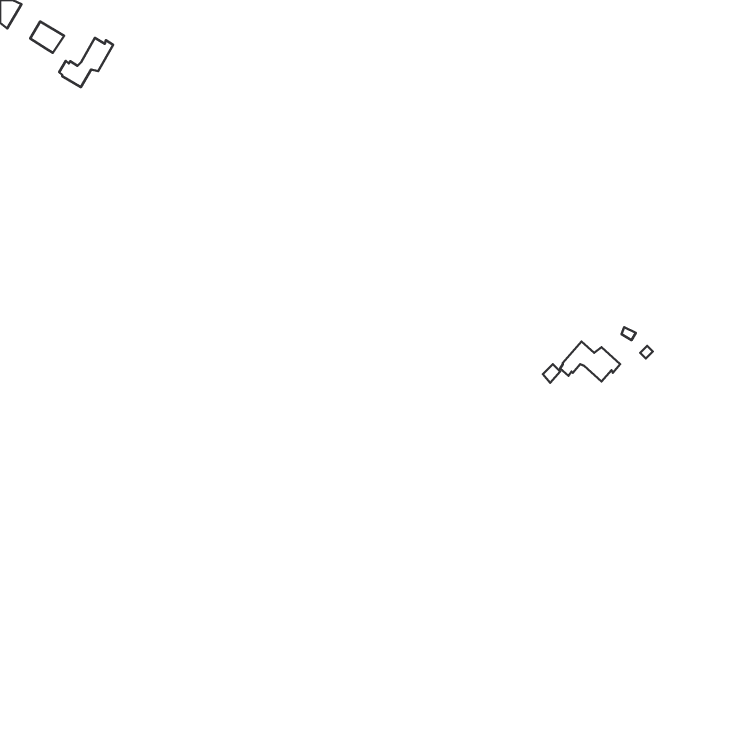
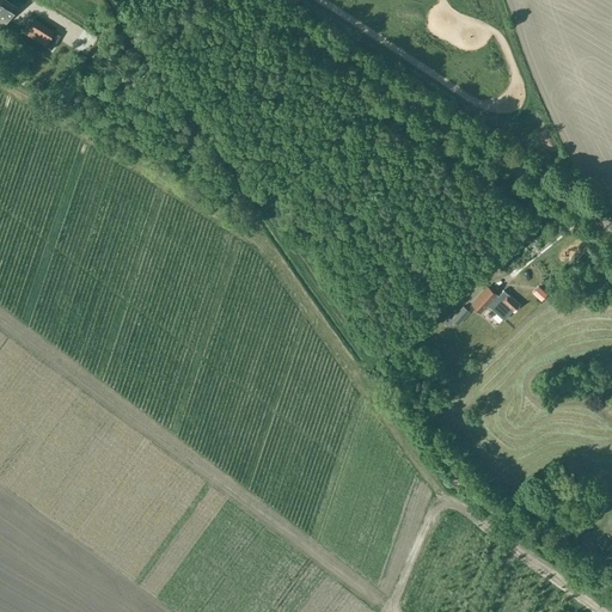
building: [59,38,113,87] -> none

